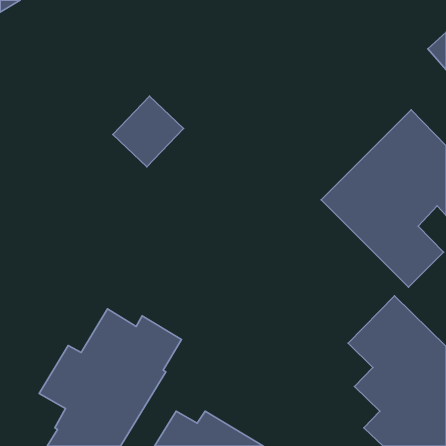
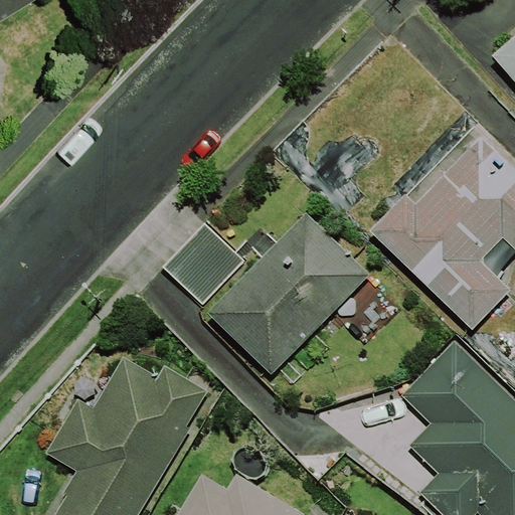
building: [113,96,184,167] -> [163,223,244,305]
building: none -> [208,212,371,375]

